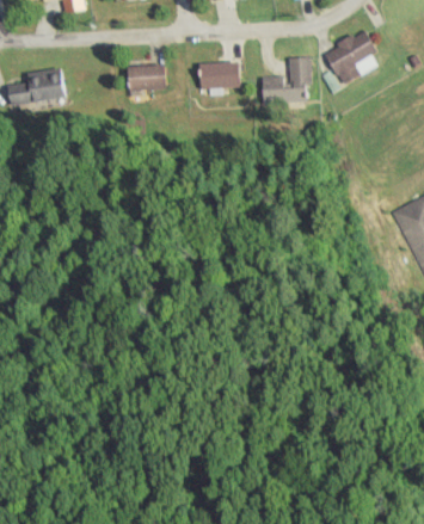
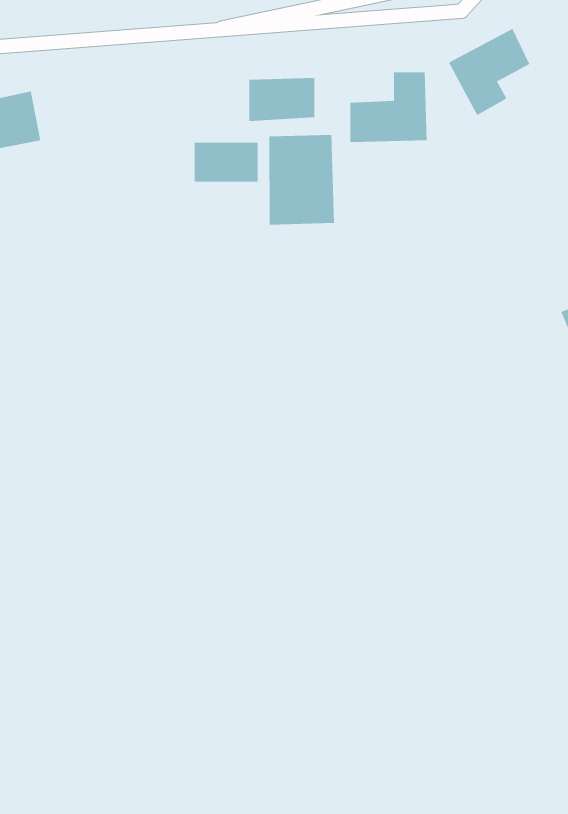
building: [127,64,167,90] -> [194,142,258,182]
building: none -> [269,134,334,225]

